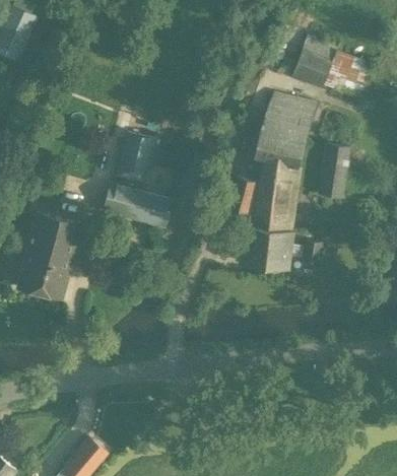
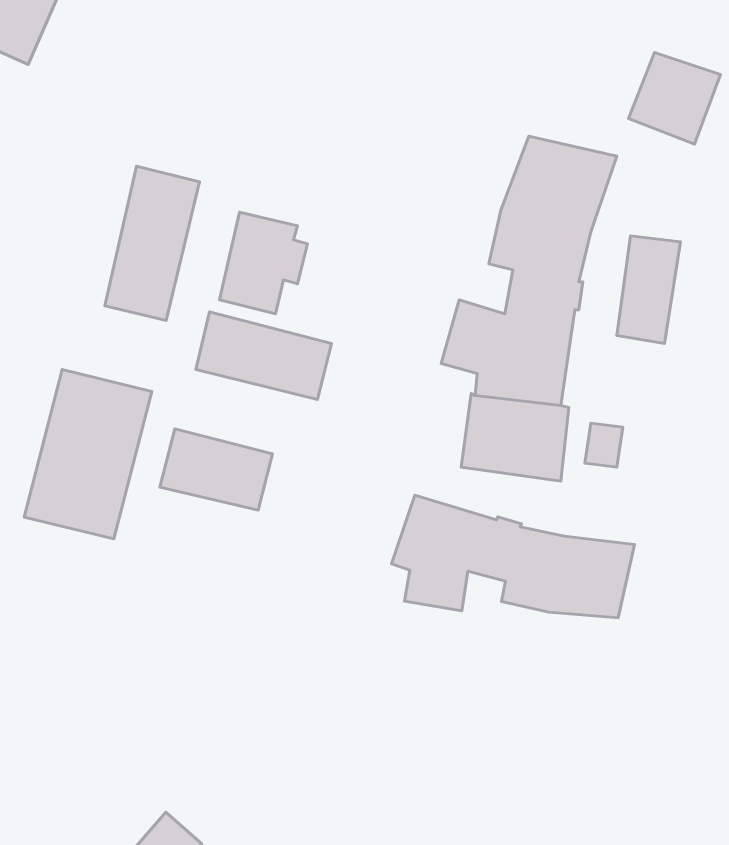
building: [293,37,339,85] -> none
building: none -> [105,166,200,320]
building: none -> [160,429,273,510]
building: none -> [391,495,634,618]

